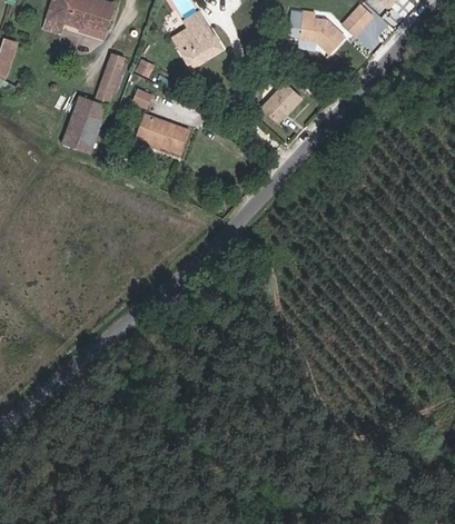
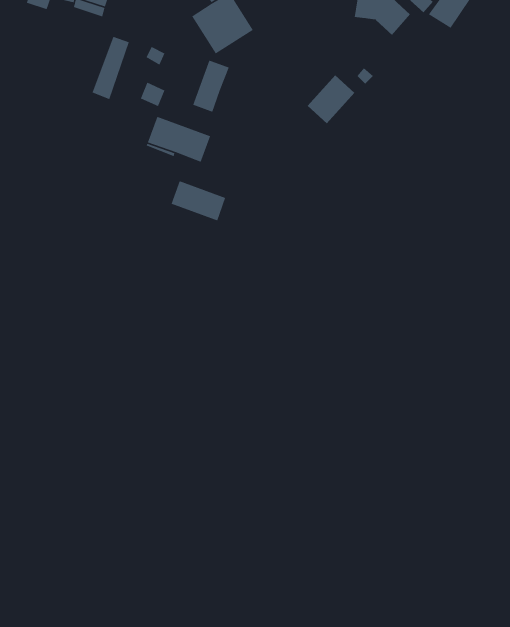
building: none -> [192,59,230,113]
building: [62,95,108,152] -> none
building: none -> [171,180,226,222]

